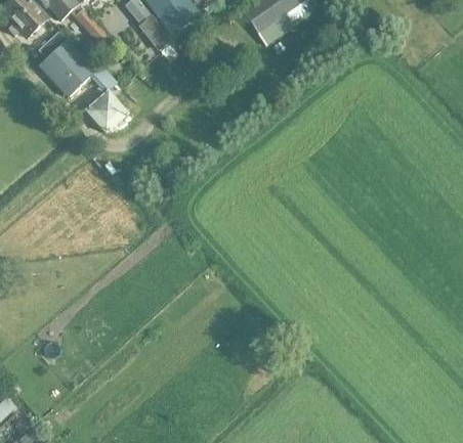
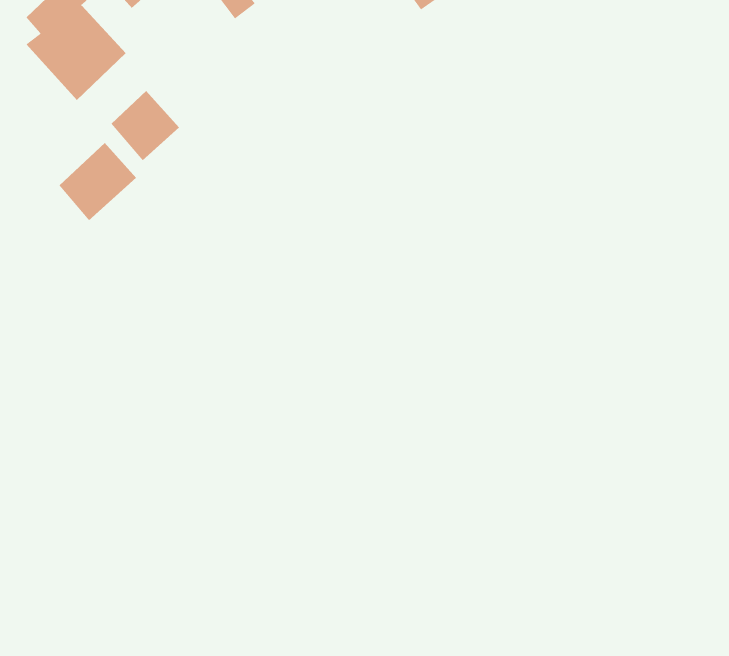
building: none -> [59,142,137,221]

